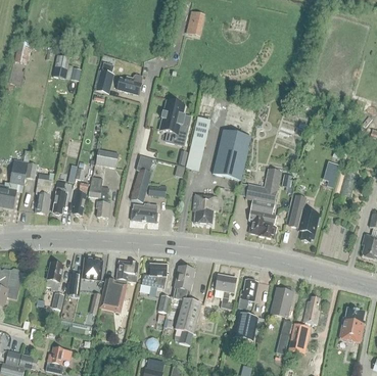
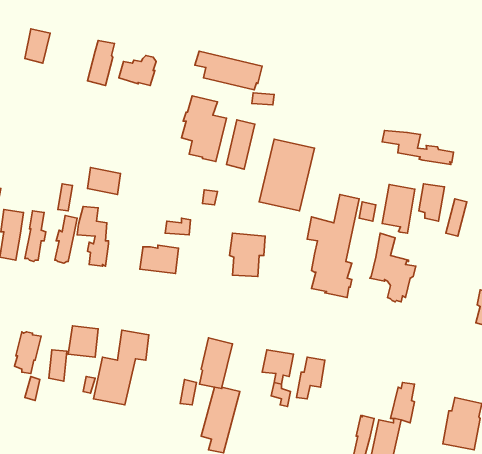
building: none -> [195,51,262,90]
building: none -> [382,130,454,165]
building: [130,155,152,202] -> none
building: none -> [382,185,415,233]
building: [140,264,167,290] -> none
building: [269,287,292,318] -> none
building: [233,313,257,340] -> none

